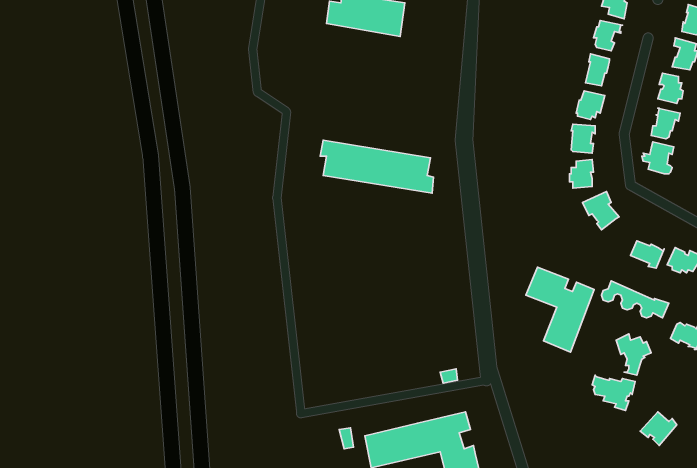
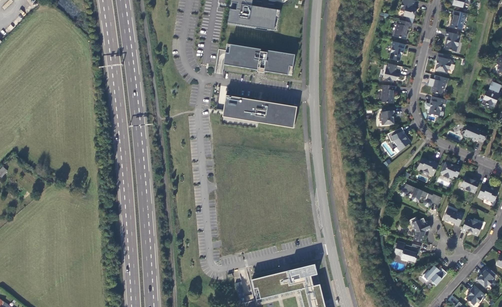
building: none -> [223,43,294,73]
building: [526,267,594,352] -> none

